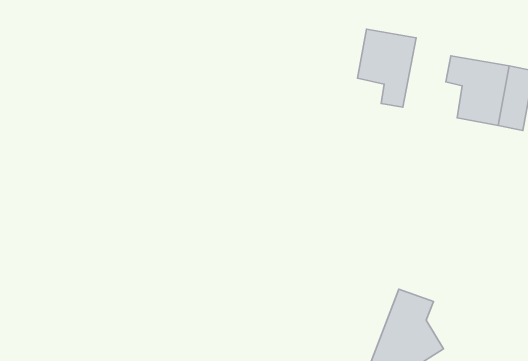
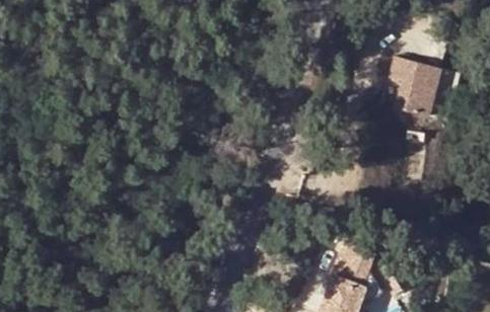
building: [358,29,416,107] -> none

